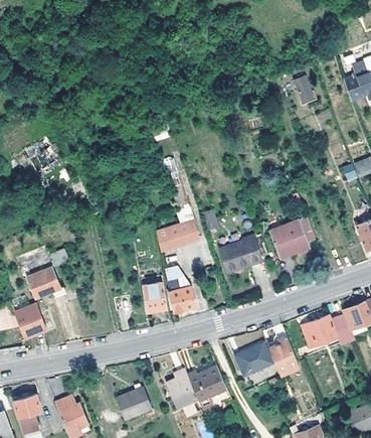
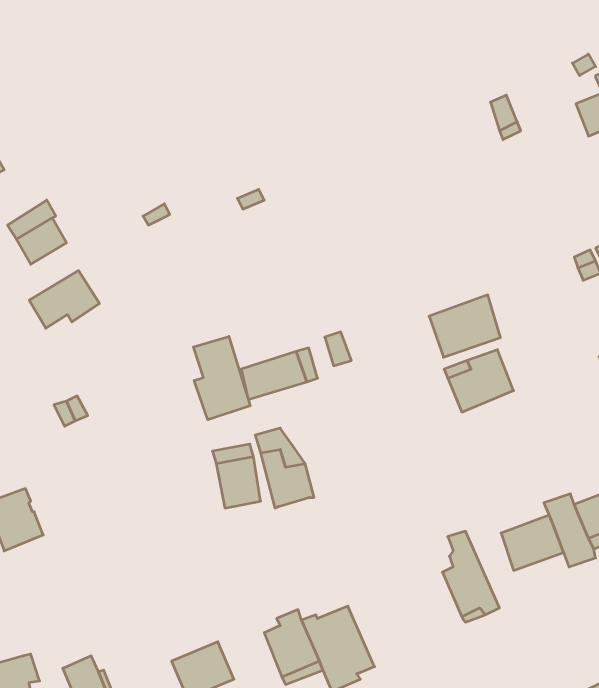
building: none -> [29,271,99,328]
building: none -> [193,336,250,420]
building: [220,238,260,273] -> [429,295,500,357]
building: [27,267,62,297] -> none
building: [235,343,271,376] -> none

